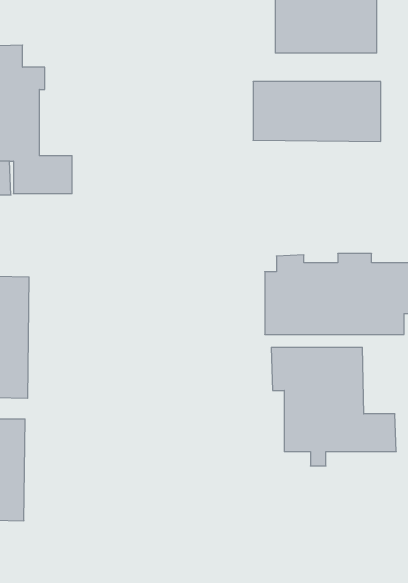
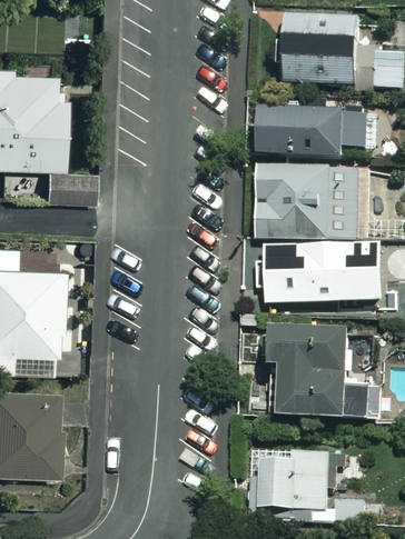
building: none -> [250,151,359,226]
building: none -> [248,446,362,521]

